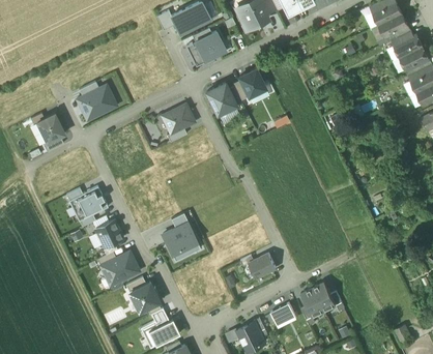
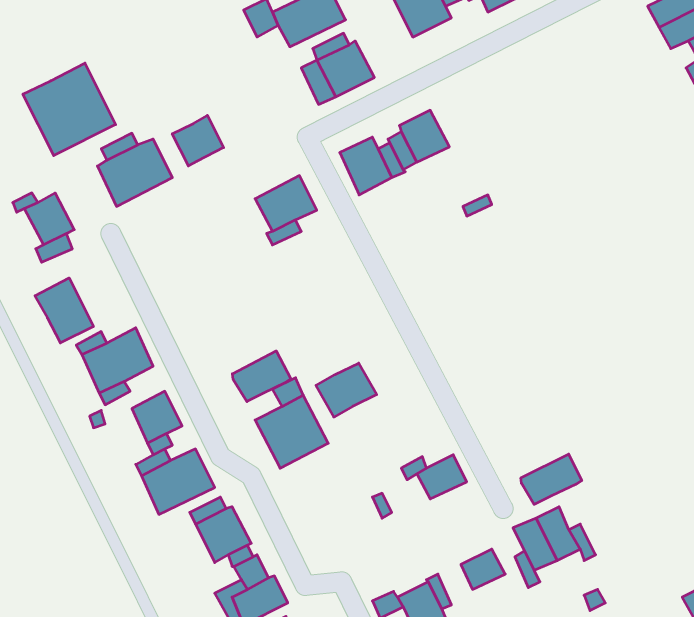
building: none -> [23,63,116,156]
building: none -> [172,115,224,166]
building: none -> [35,278,93,343]
building: none -> [232,351,291,402]
building: none -> [316,363,377,417]
building: none -> [521,454,582,504]

